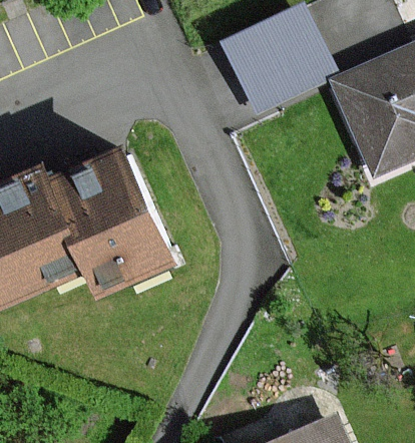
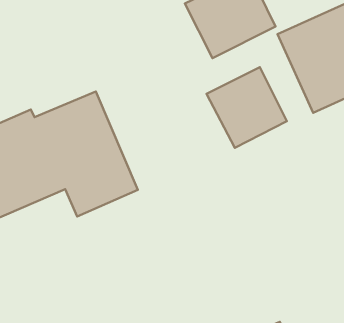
building: none -> [207,67,287,148]

